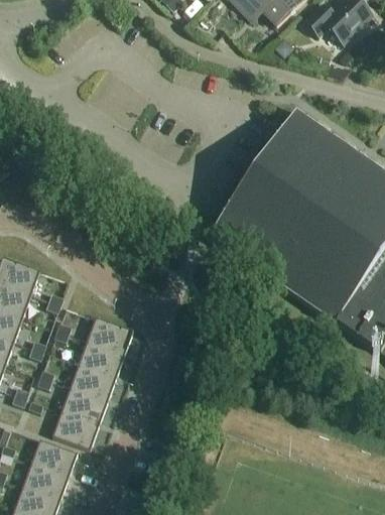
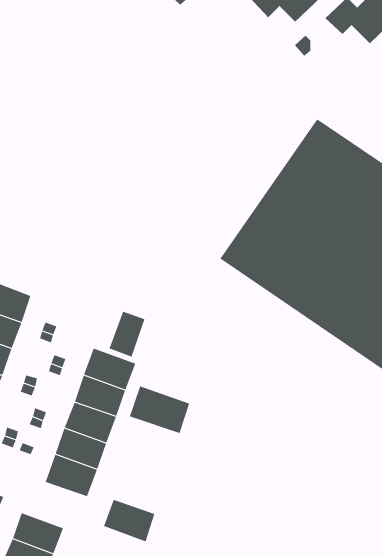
building: none -> [109,311,145,358]
building: none -> [129,385,190,434]
building: [31,437,78,476] -> [103,499,155,542]

